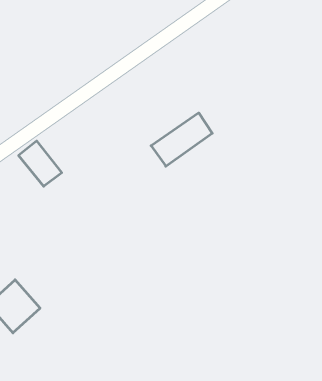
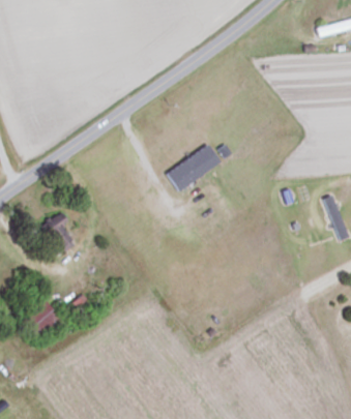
building: [19,141,62,186] -> [40,214,80,256]

